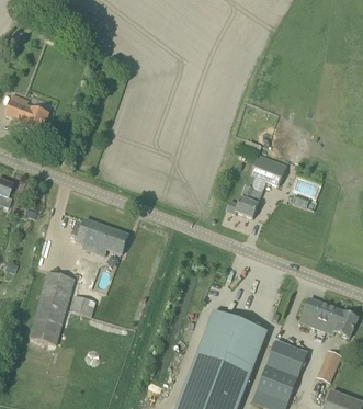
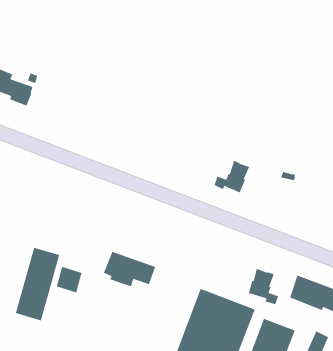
building: [246,154,286,186] -> none
building: [76,219,128,255] -> [103,251,156,288]
building: none -> [248,268,279,305]

